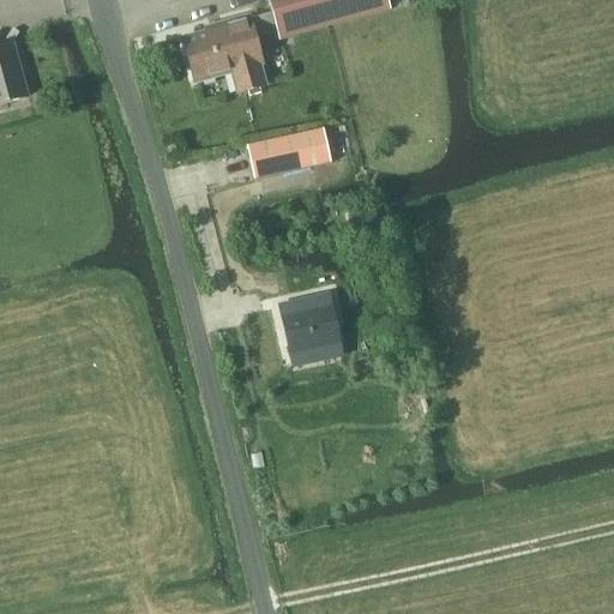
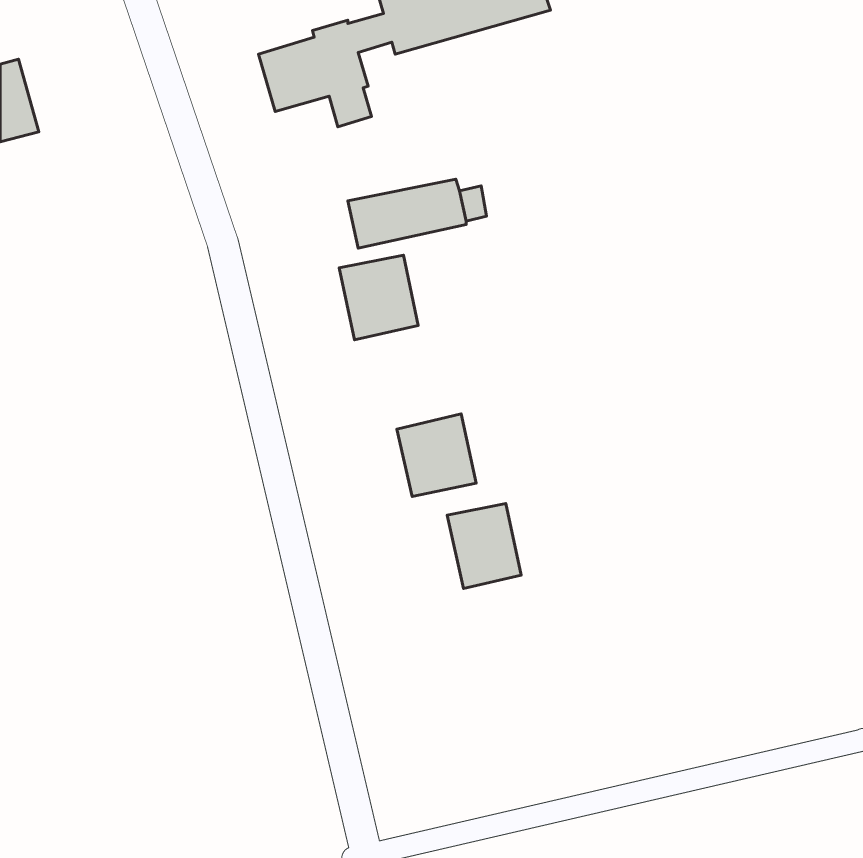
building: none -> [339,255,418,340]
building: none -> [447,504,521,589]

